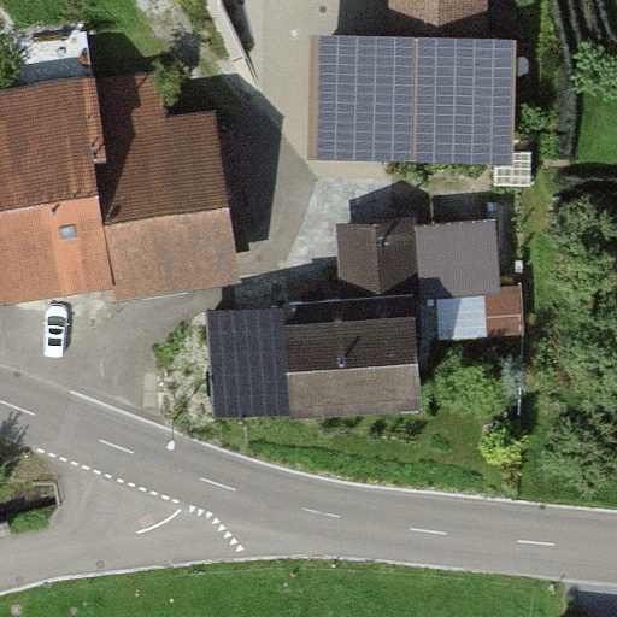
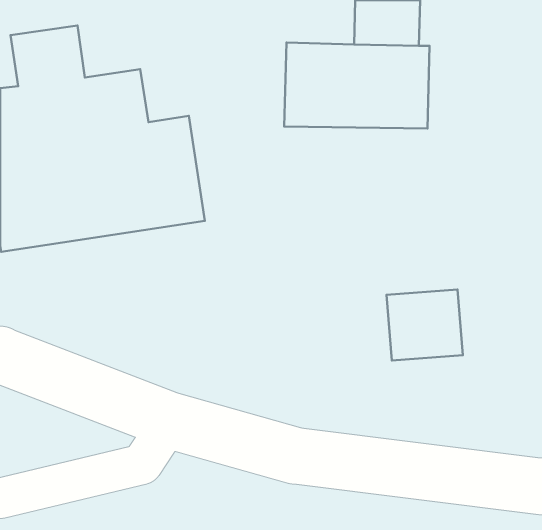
building: [417,229,504,310] -> [387,289,463,361]
building: [215,239,422,422] -> none

